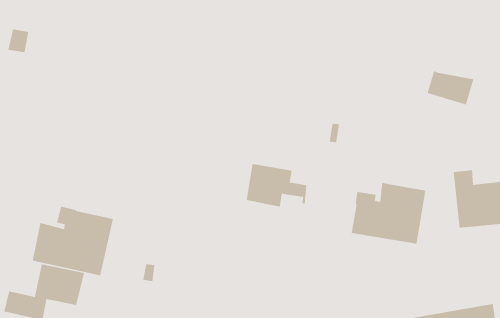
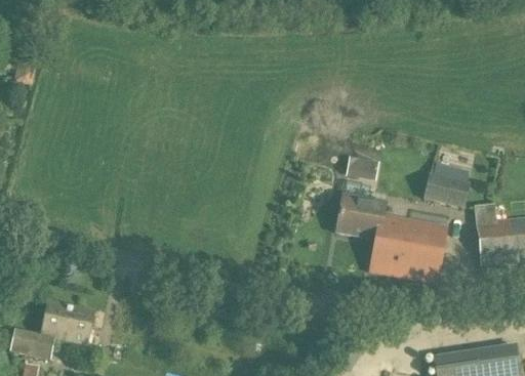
building: [427,70,474,105] -> [422,173,472,209]
building: [246,163,307,207] -> [337,195,401,240]
building: [32,206,113,276] -> none

